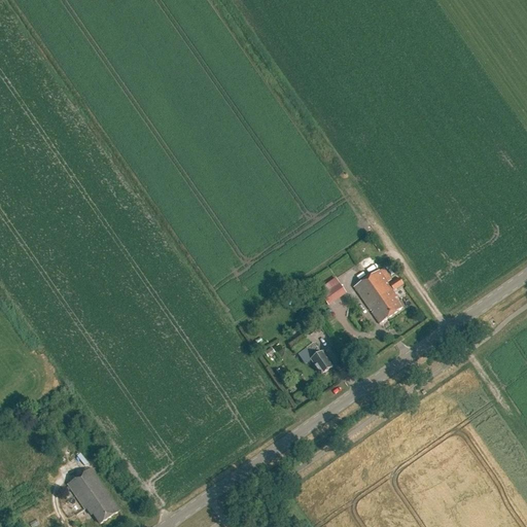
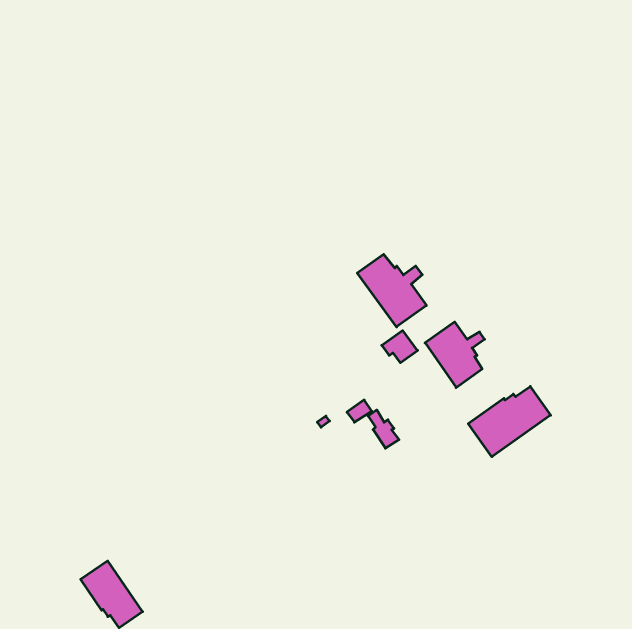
building: none -> [357,254,426,327]
building: none -> [468,386,551,457]

